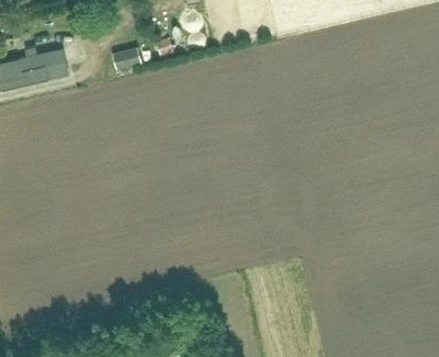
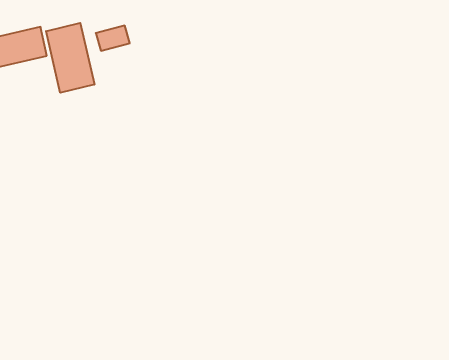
building: none -> [46,23,94,93]

